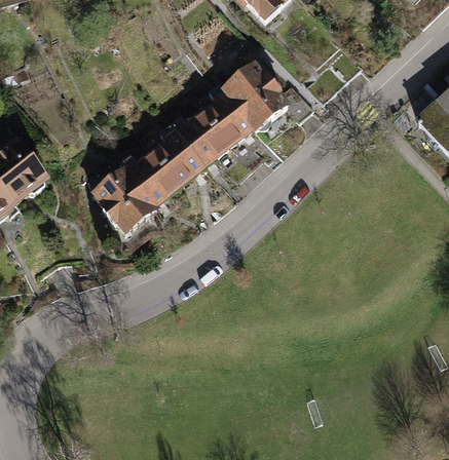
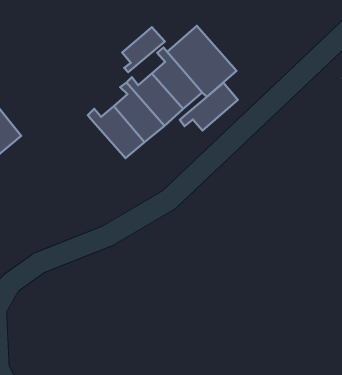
building: none -> [122,27,165,72]
building: none -> [180,83,238,131]
building: [92,161,170,239] -> none

